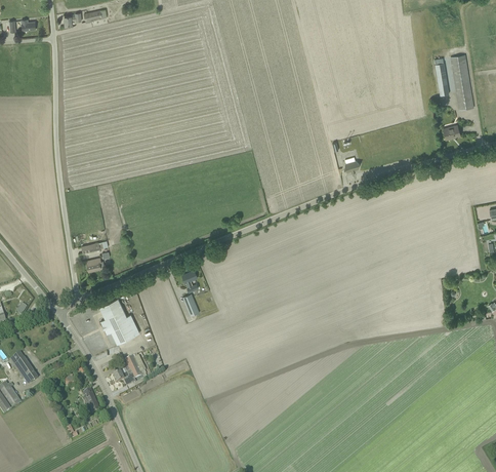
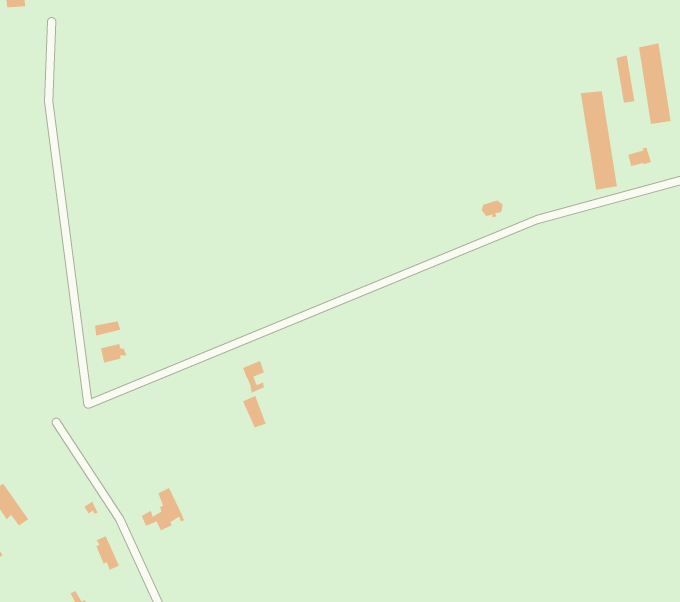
building: none -> [580,91,618,191]
building: [99,298,135,343] -> none

